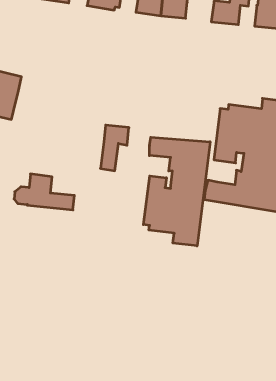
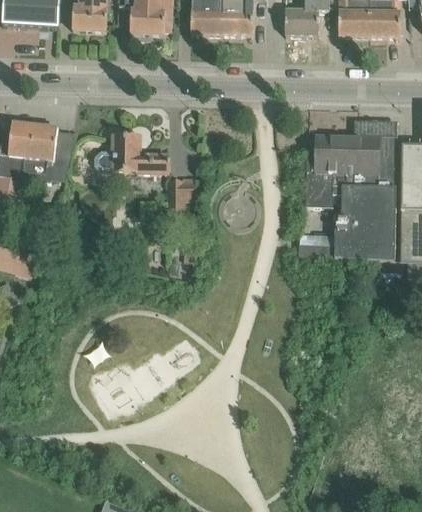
building: [143,137,210,246] -> none
building: [14,174,74,210] -> [95,133,169,172]

